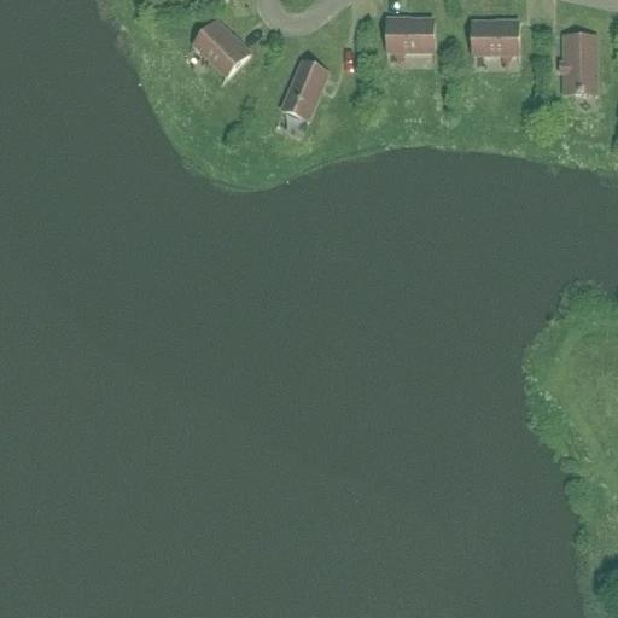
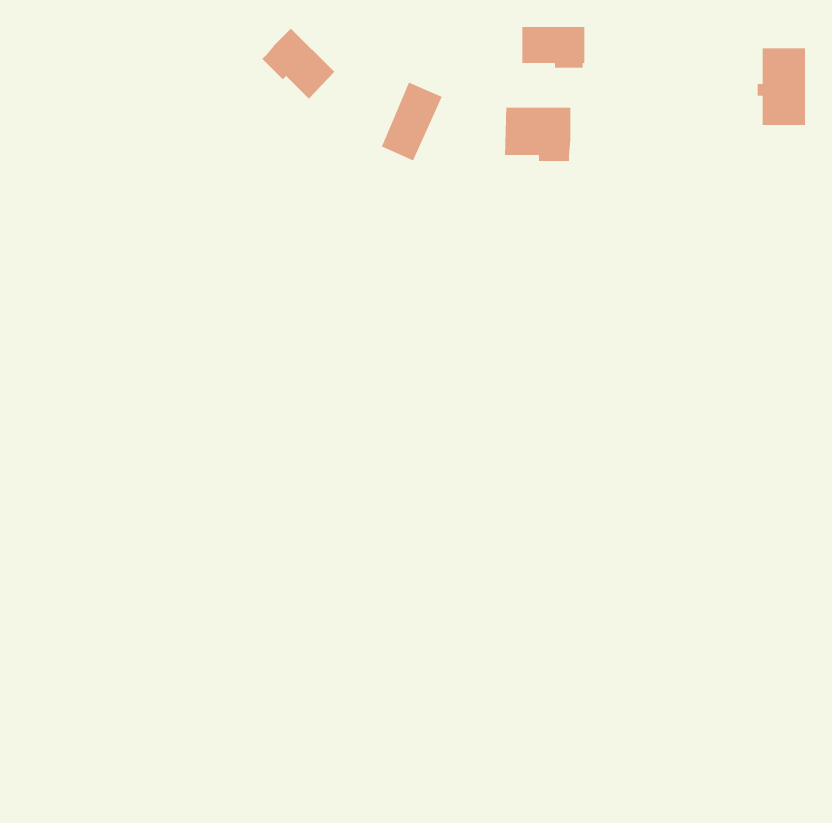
building: [471,22,518,51] -> none
building: none -> [504,107,571,162]

